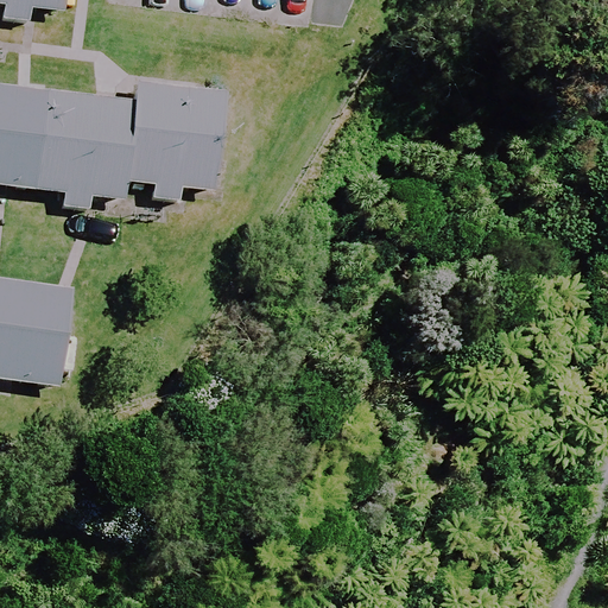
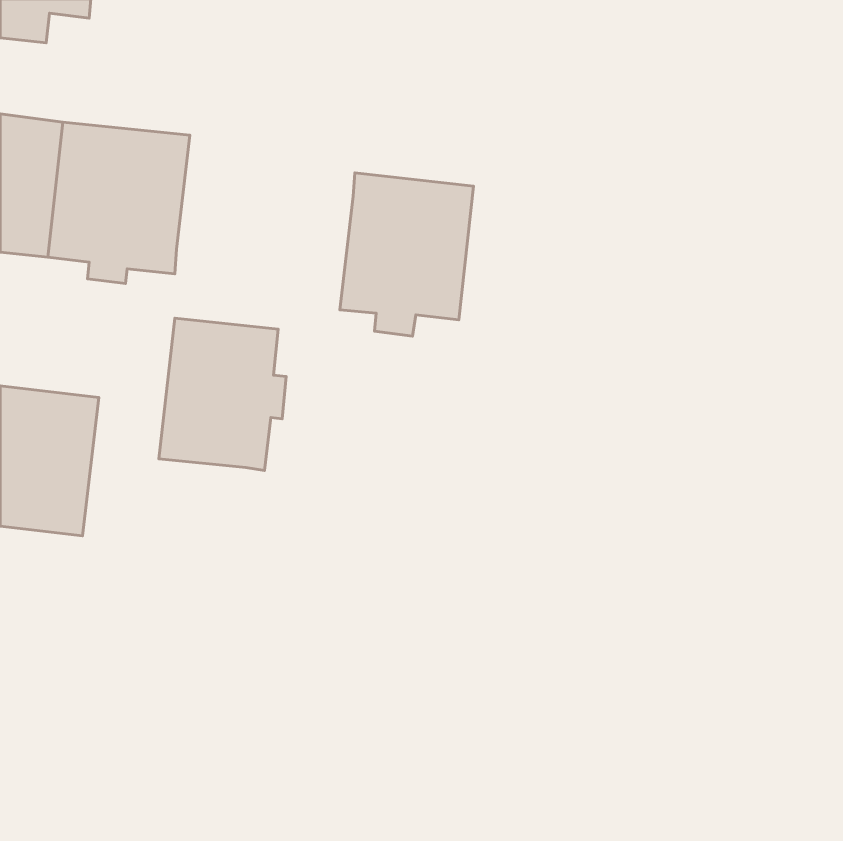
building: [127,81,223,198] -> [340,173,474,336]
building: none -> [159,318,286,471]

